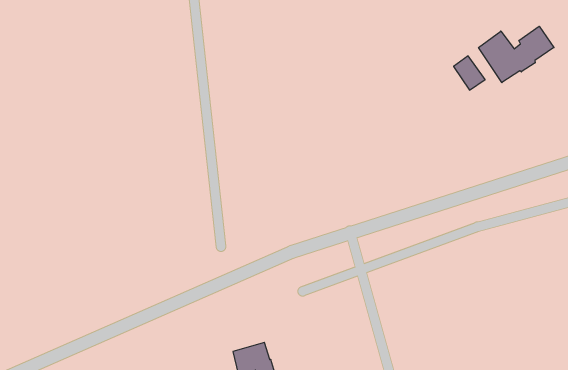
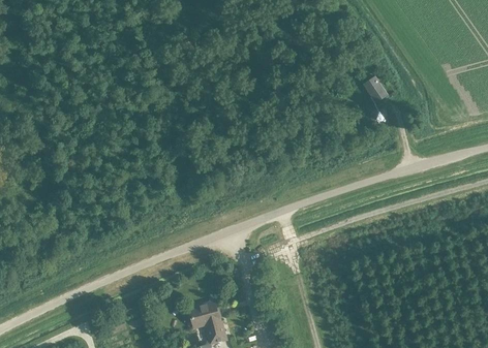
building: [479,26,554,83] -> none

